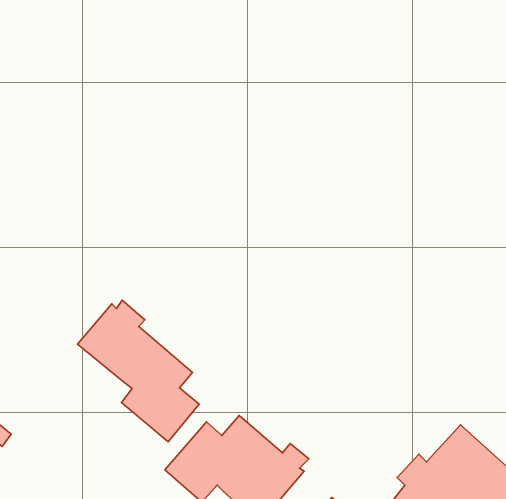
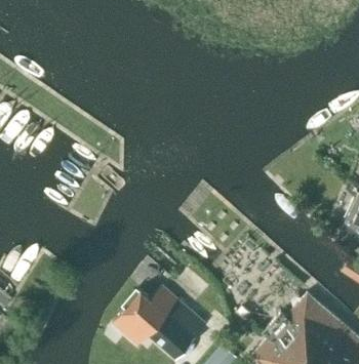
building: [77,300,199,442] -> none

